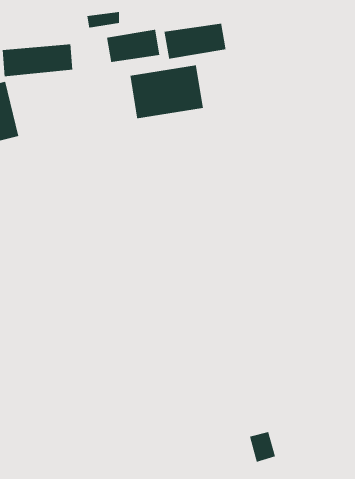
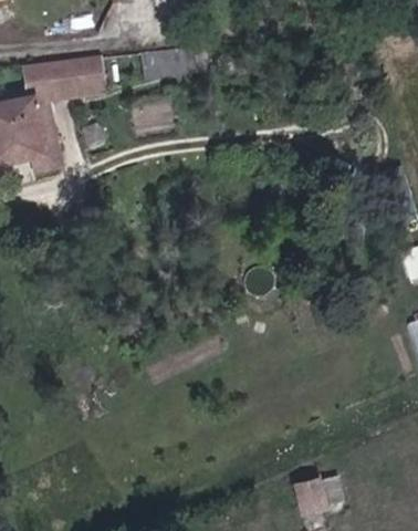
building: [164,23,226,59] -> none
building: [130,64,203,119] -> none

